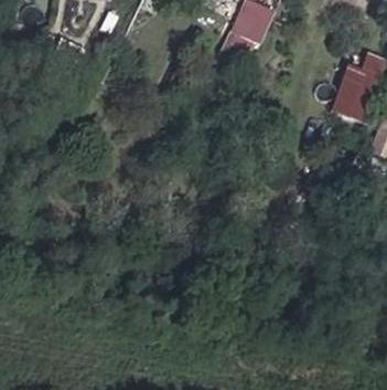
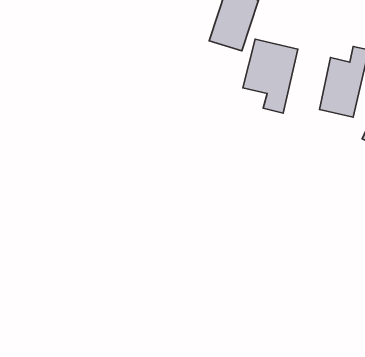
building: none -> [243,39,298,113]

